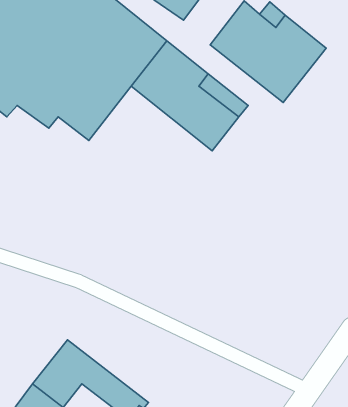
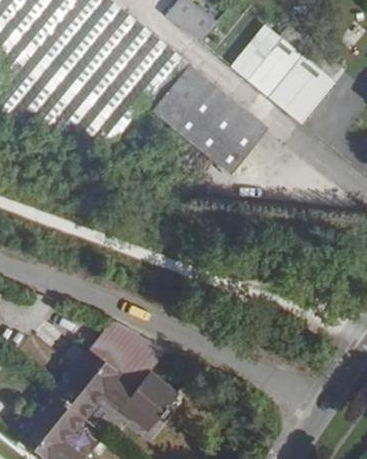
building: none -> [88,325,178,418]

